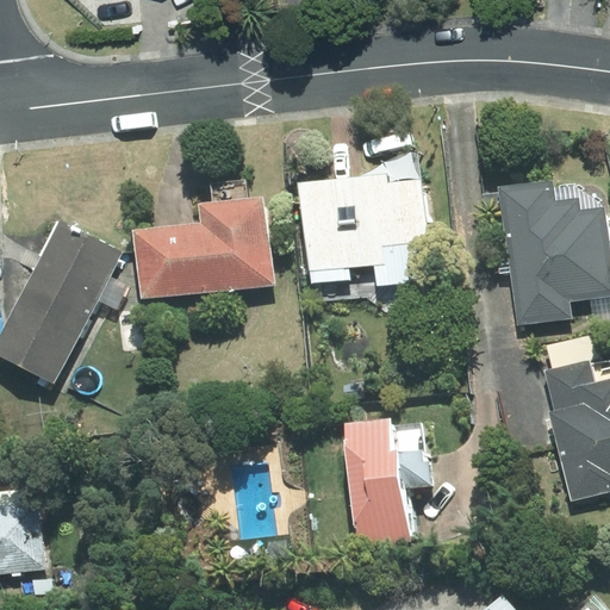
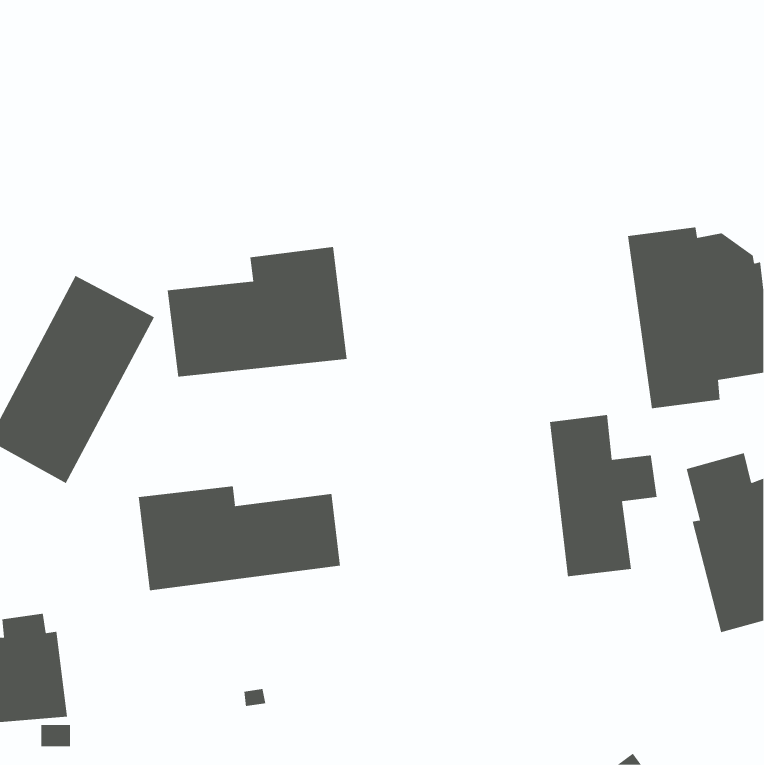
building: [299,176,428,287] -> none
building: none -> [138,485,341,591]
building: [349,418,435,547] -> [549,414,658,577]

